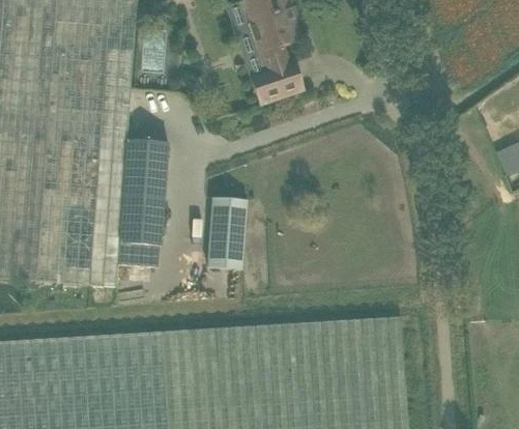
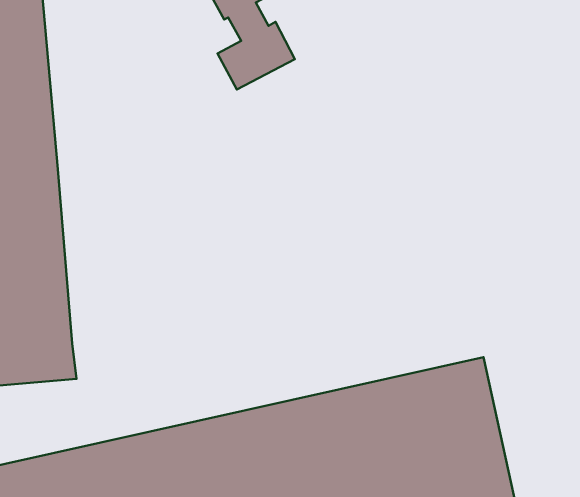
building: [116,141,166,266] -> none
building: [205,199,246,270] -> none

